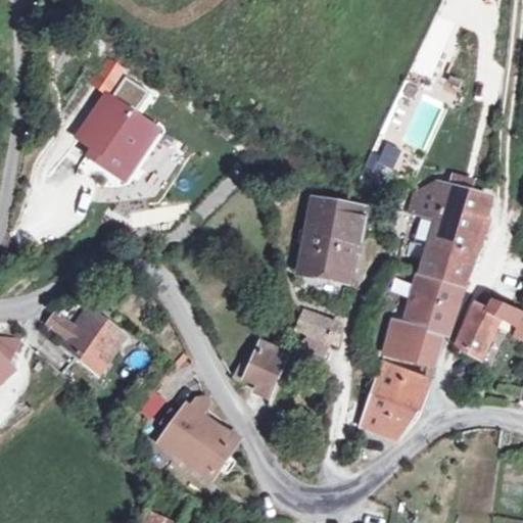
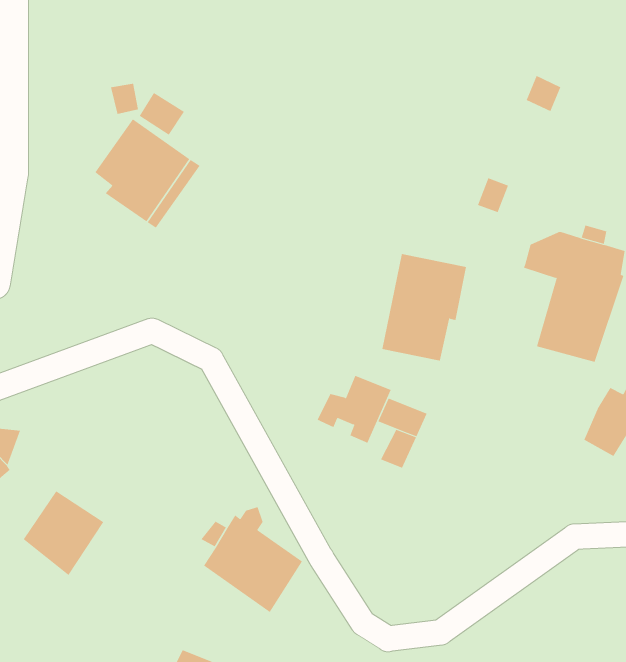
building: [384,271,466,365] -> none
building: [63,306,127,373] -> [23,491,104,576]
building: [231,344,289,397] -> [317,375,392,443]
building: [362,363,429,439] -> none

